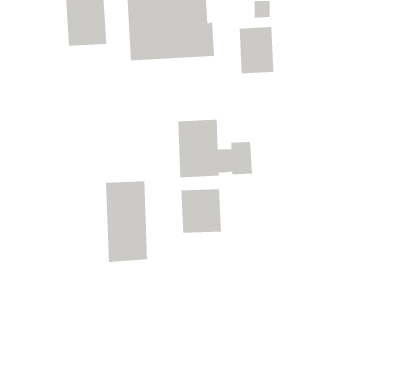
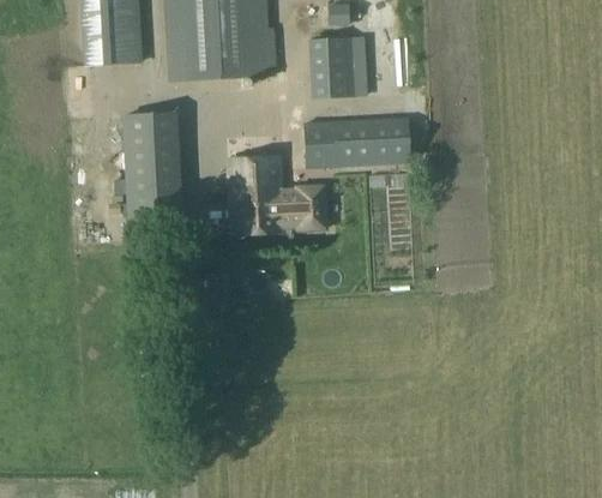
building: none -> [305,116,411,169]
building: [105,181,148,262] -> [124,110,179,216]
building: [181,188,221,233] -> none

